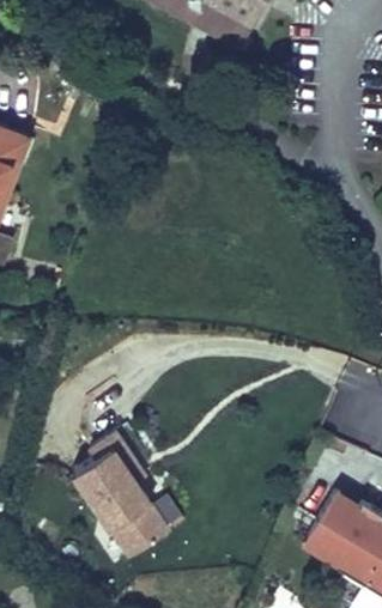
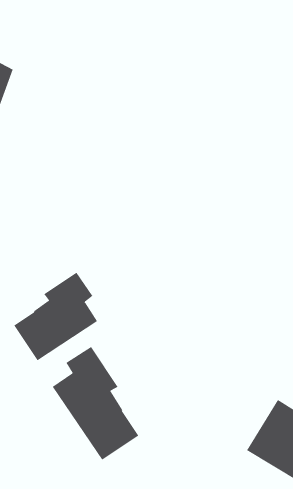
building: none -> [13,272,98,361]

